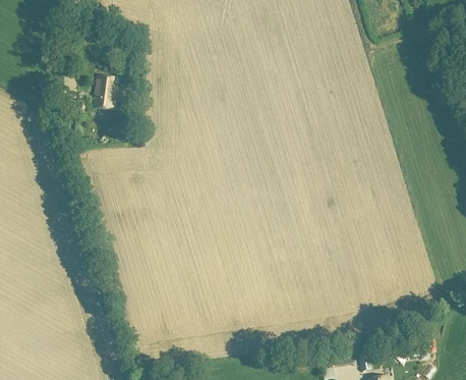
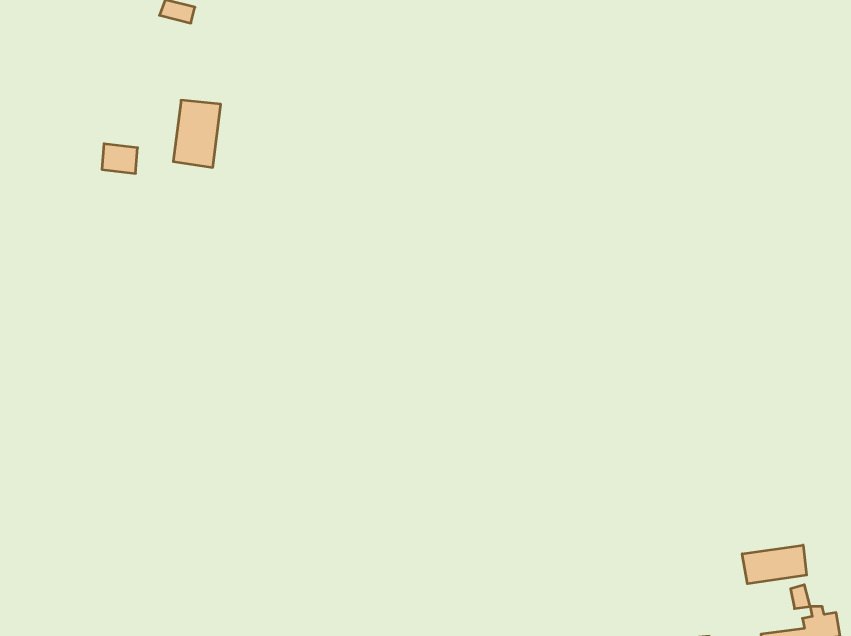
building: none -> [742,545,807,584]

